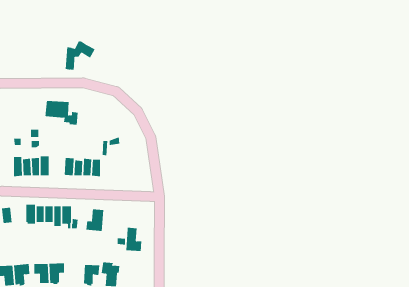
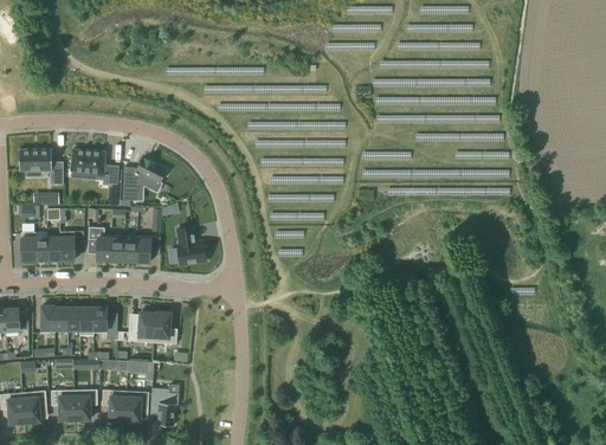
building: [65,40,95,70] -> [122,157,167,201]
building: none -> [19,148,63,185]
building: none -> [176,226,209,265]
building: [125,227,142,251] -> [153,309,178,344]
building: none -> [102,389,125,420]

